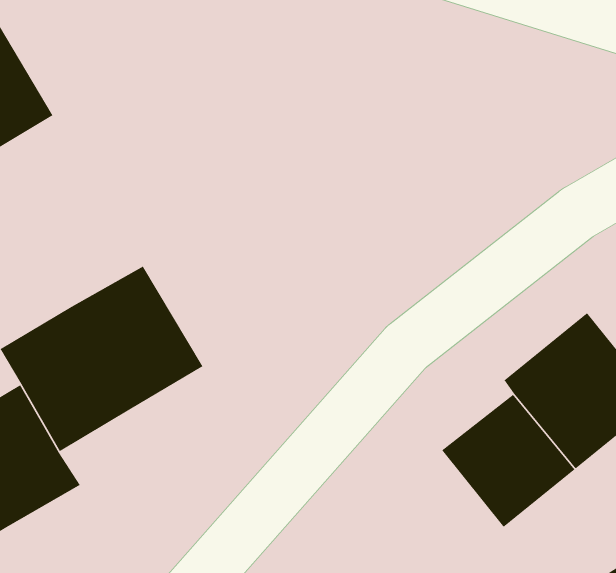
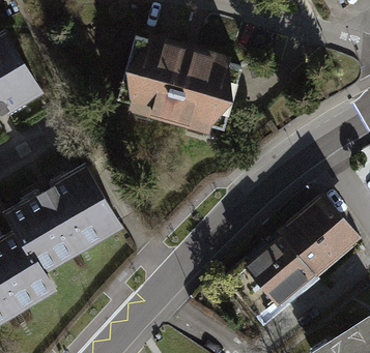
building: none -> [115,37,241,137]

